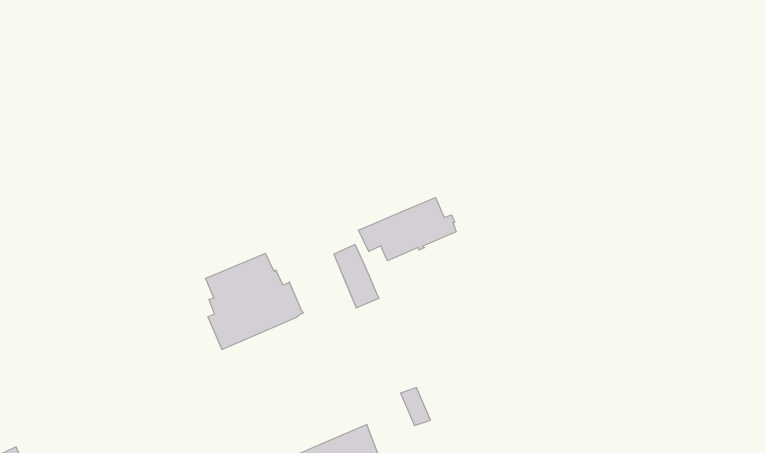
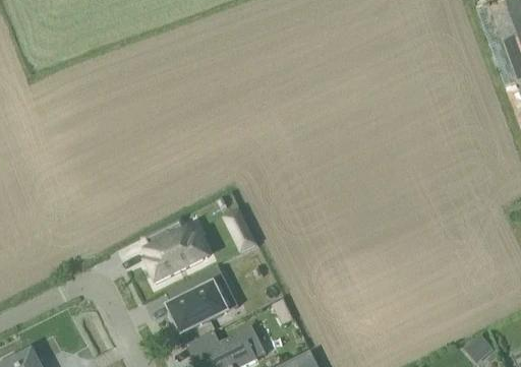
building: [358,198,456,261] -> none
building: none -> [168,264,226,332]

